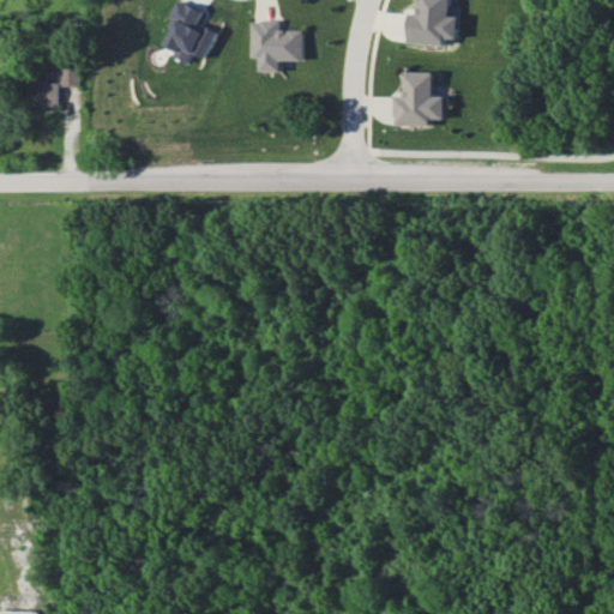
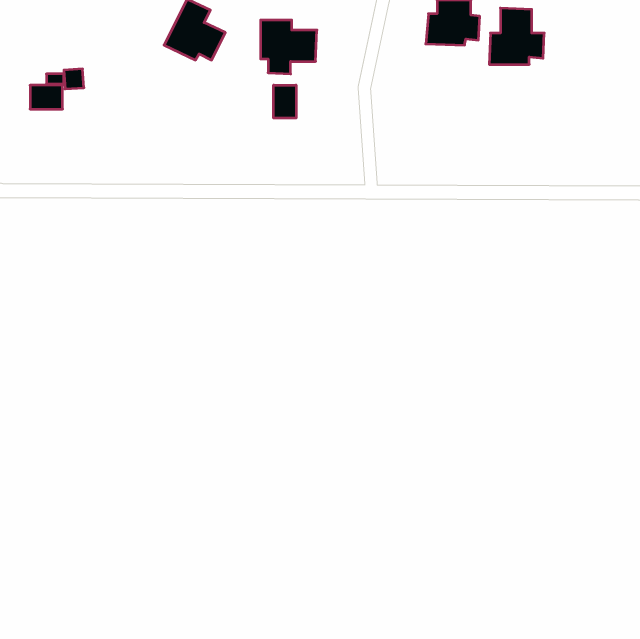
building: [393,72,446,126] -> [489,8,544,64]
building: none -> [274,85,296,118]

